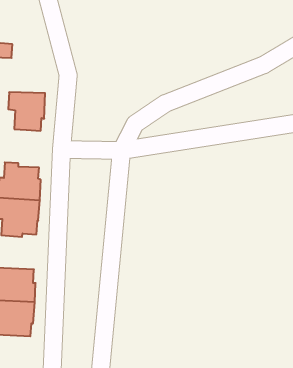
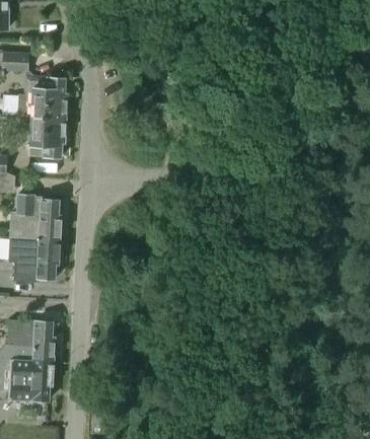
building: none -> [23,76,67,113]

